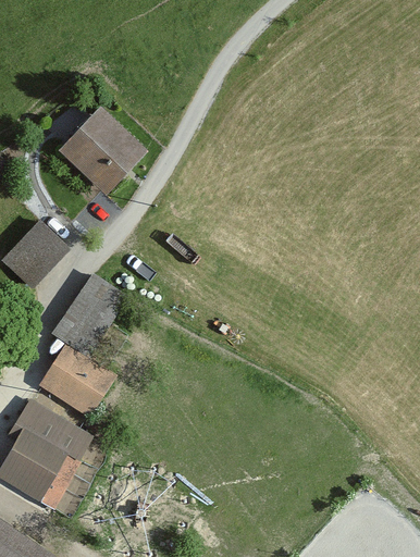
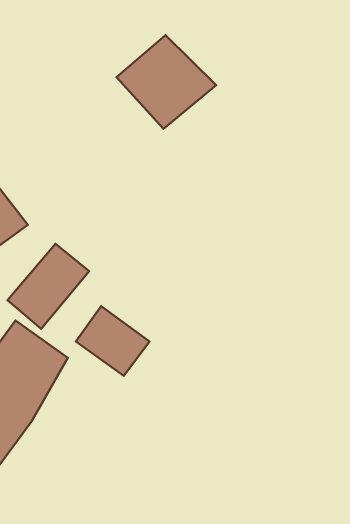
building: [54,108,150,197] -> [116,35,216,129]
building: none -> [76,306,150,376]

